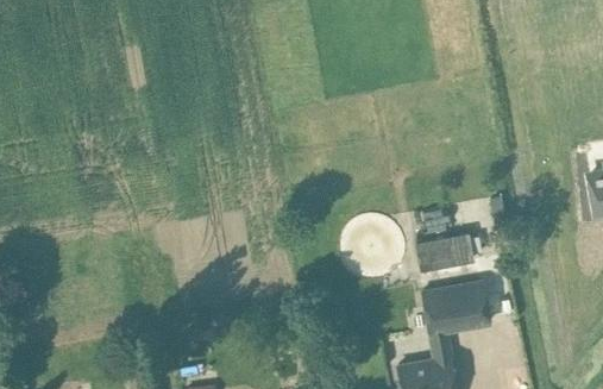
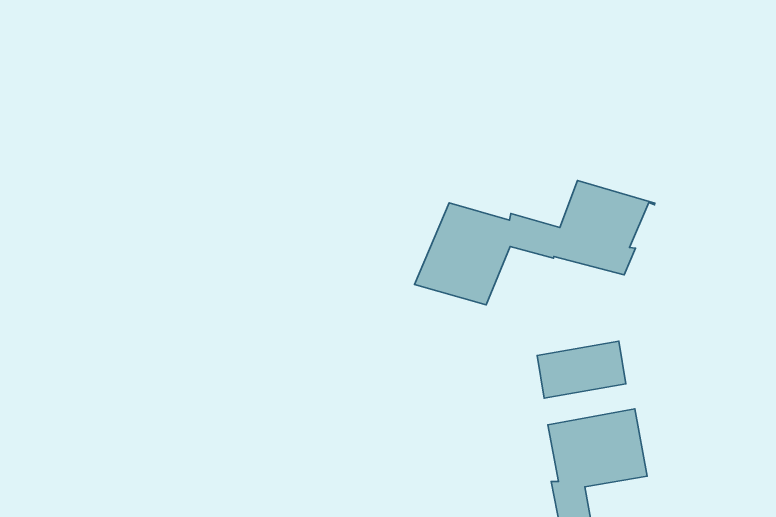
building: none -> [414,181,655,305]

